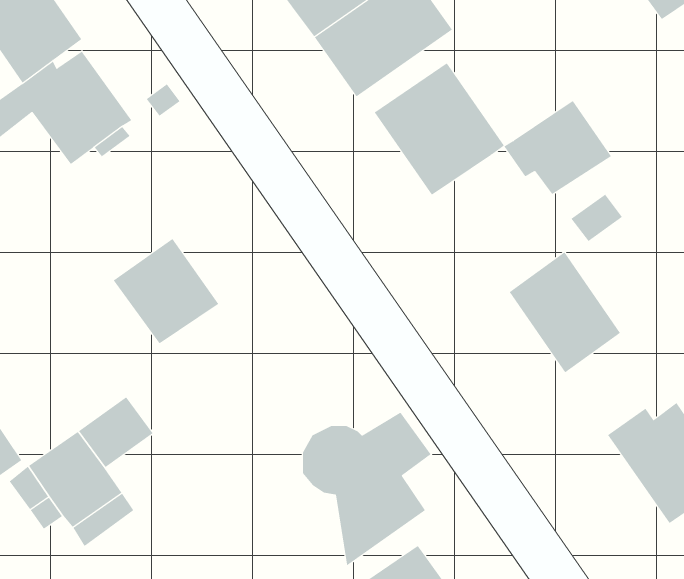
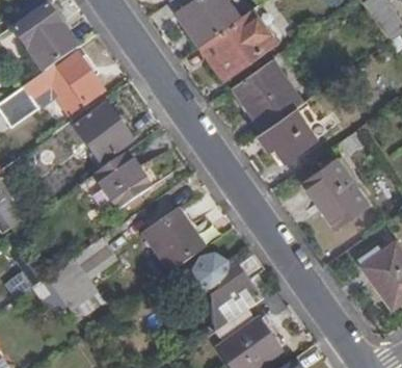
building: [504,100,612,195] -> [259,109,317,160]
building: none -> [76,104,135,161]
building: none -> [143,210,203,269]

